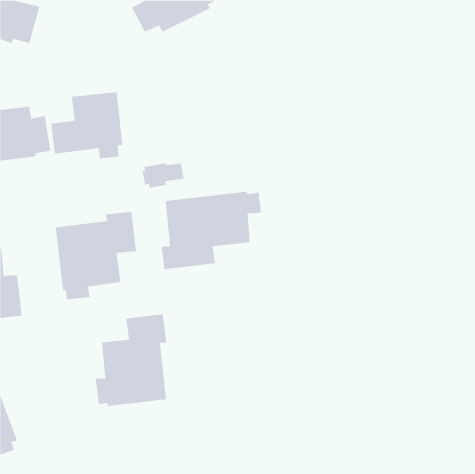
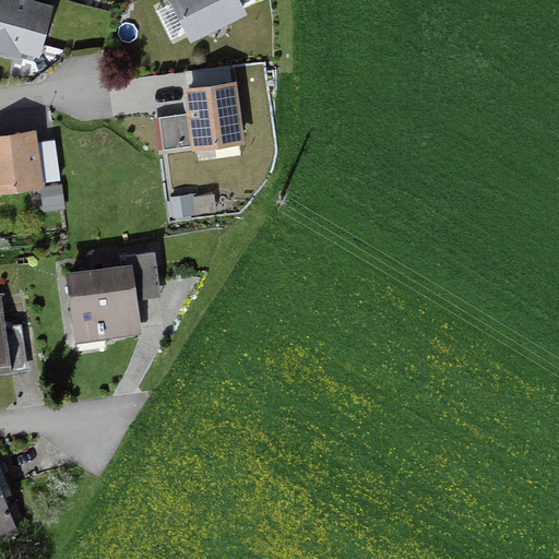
building: [51,92,123,159] -> [158,79,243,157]
building: [161,191,261,270] -> none
building: [95,314,167,407] -> none

